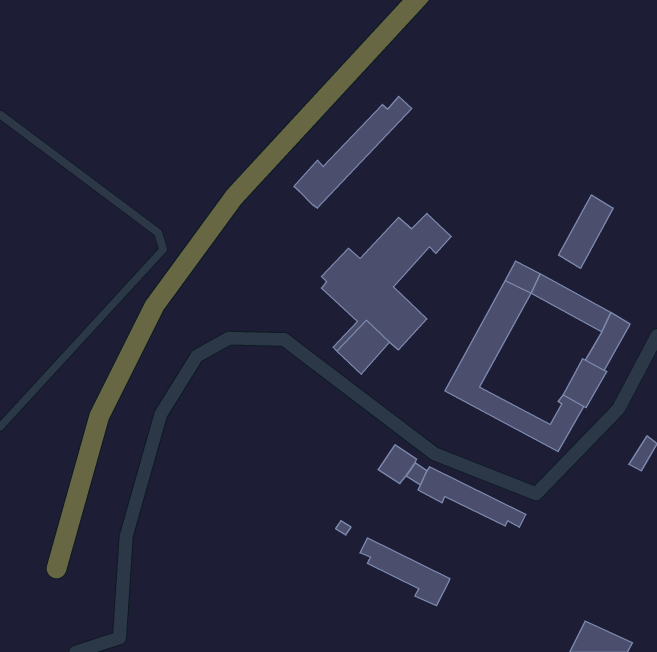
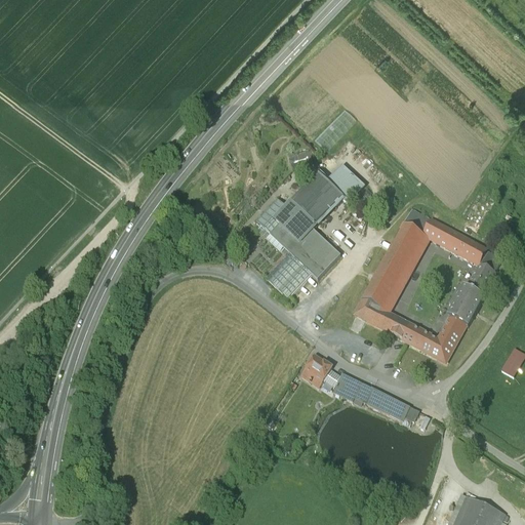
building: [294,96,412,208] -> none
building: [559,195,613,268] -> none
building: [360,538,450,606] -> none

